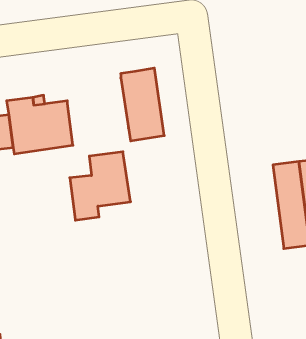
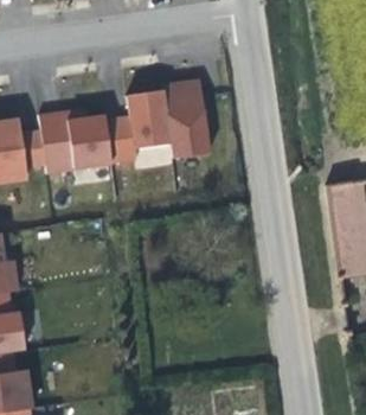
building: [70,152,131,220] -> [104,89,171,164]

